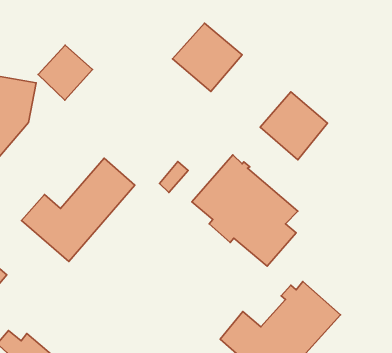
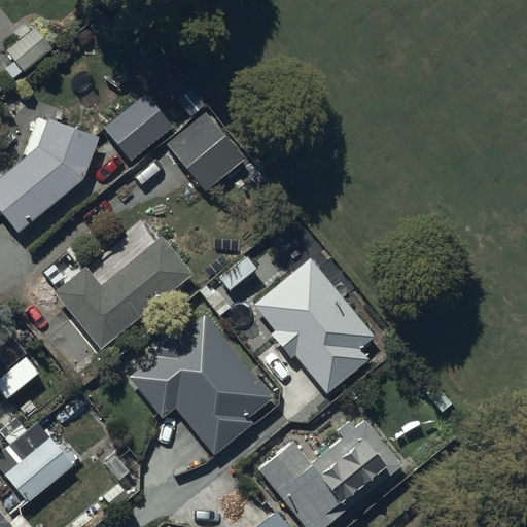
building: [172,23,242,91] -> [169,111,250,191]
building: [260,92,327,160] -> none
building: none -> [129,315,271,454]

